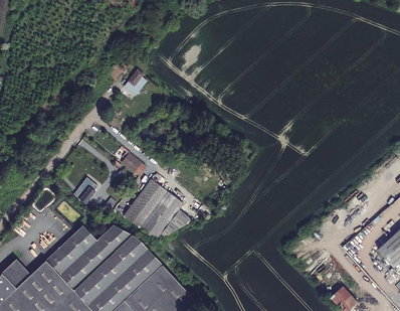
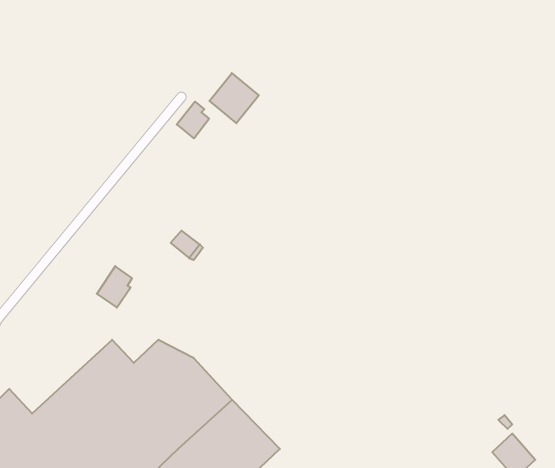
building: none -> [209,73,259,123]
building: [123,178,191,239] -> none

